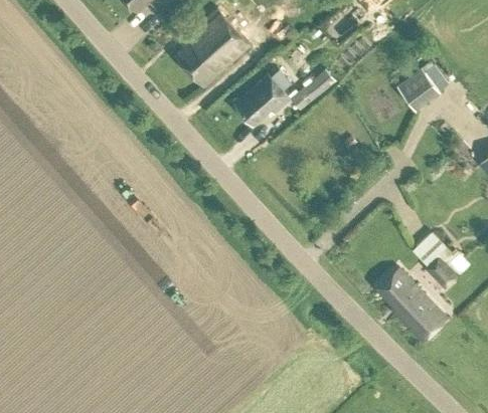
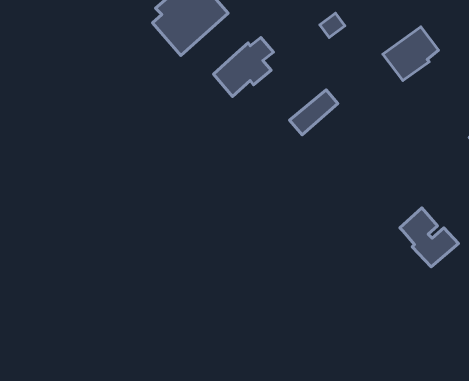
building: [289,68,335,112] -> [289,90,338,135]
building: [376,267,447,343] -> none

